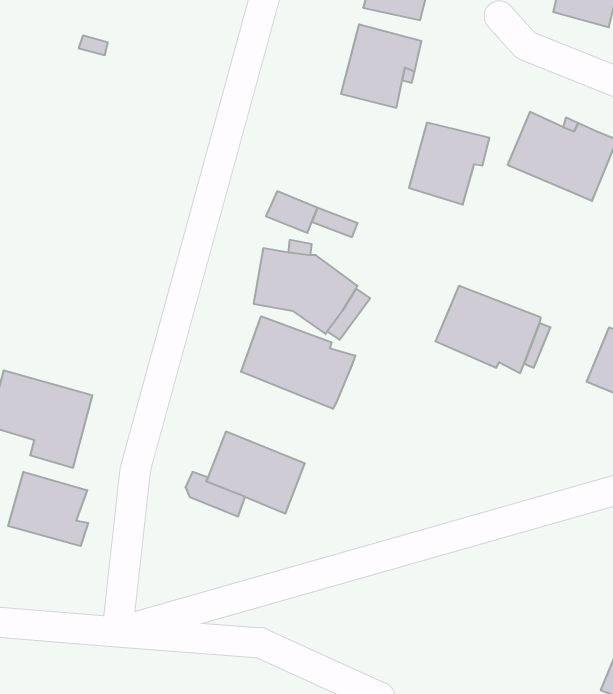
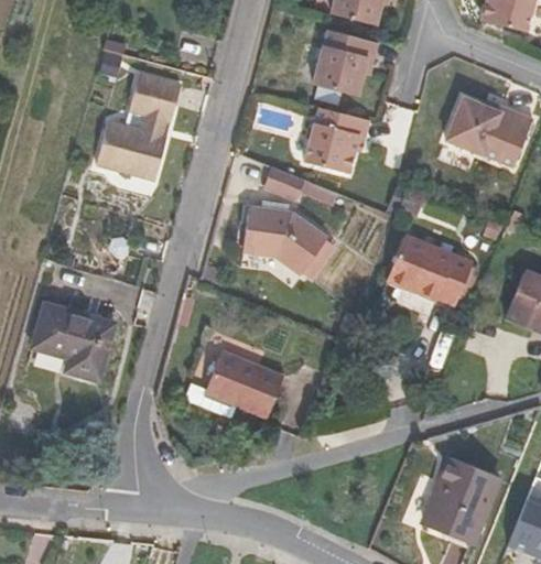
building: none -> [94,73,180,178]
building: [409,123,489,205] -> [304,109,368,174]
building: [241,316,355,409] -> none
building: [8,472,88,546] -> none
building: none -> [423,459,499,545]

